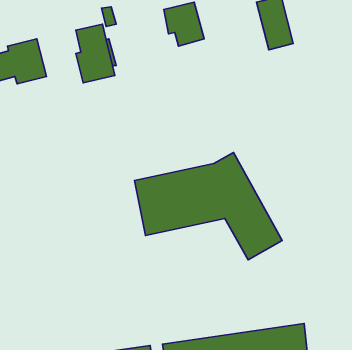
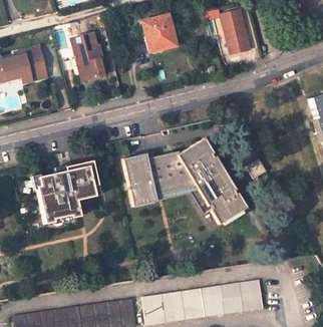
building: none -> [28,165,94,225]

